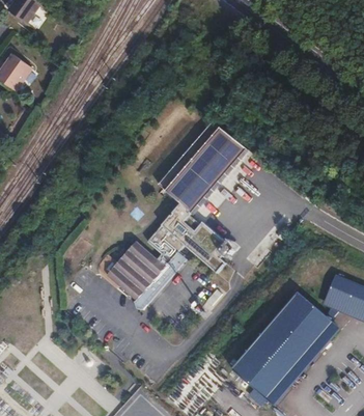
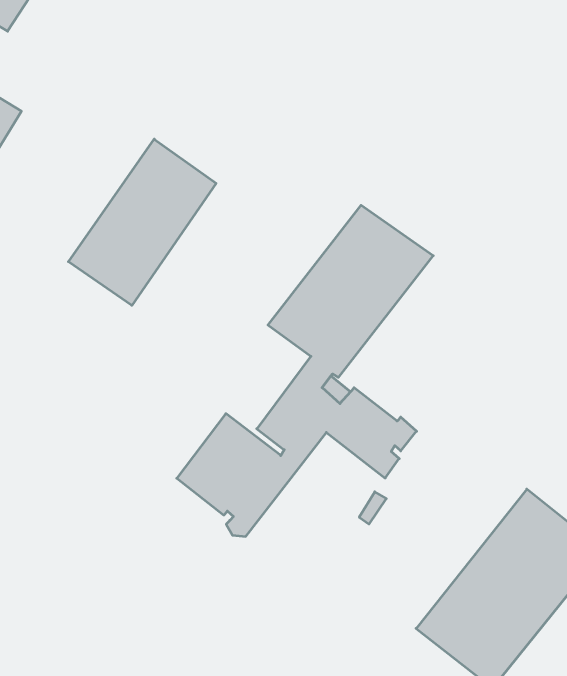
building: none -> [68,139,216,305]

